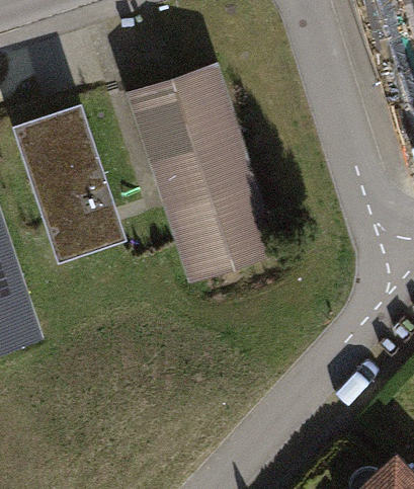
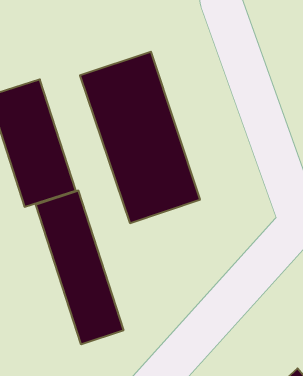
building: none -> [36,190,123,344]

